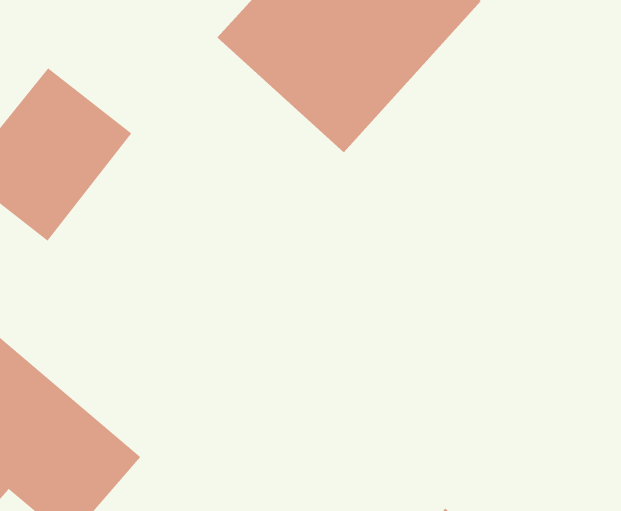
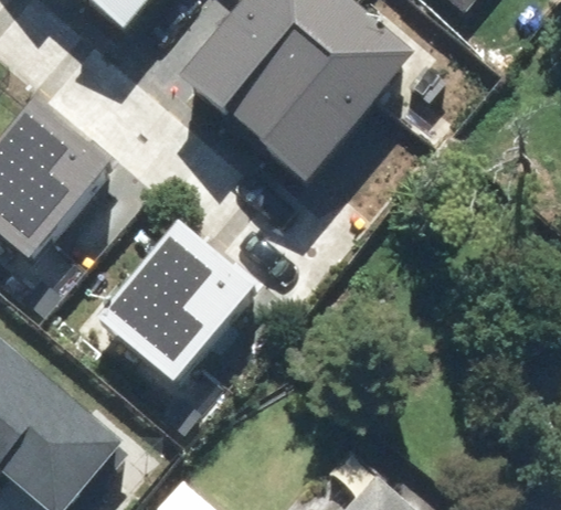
building: none -> [106,227,251,376]

